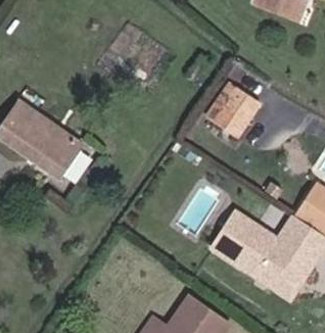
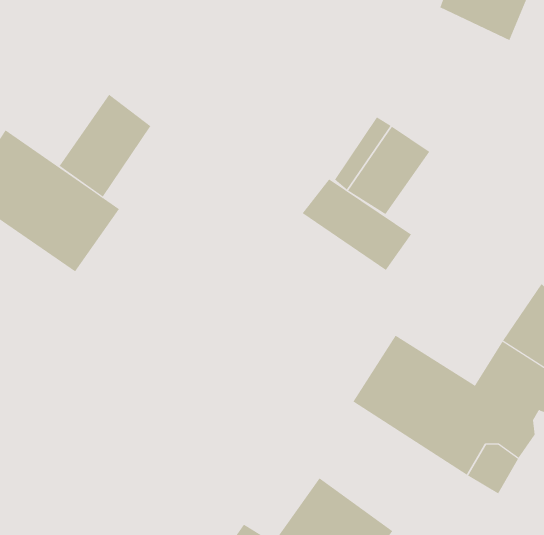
building: none -> [59,94,151,198]
building: none -> [302,179,412,271]

